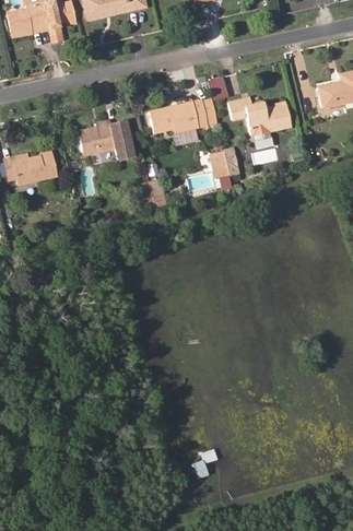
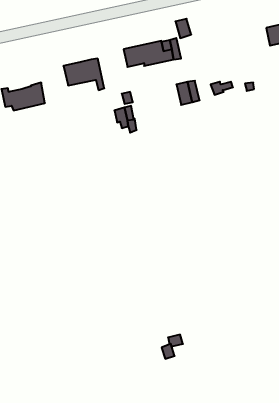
building: [235,97,292,134] -> none

